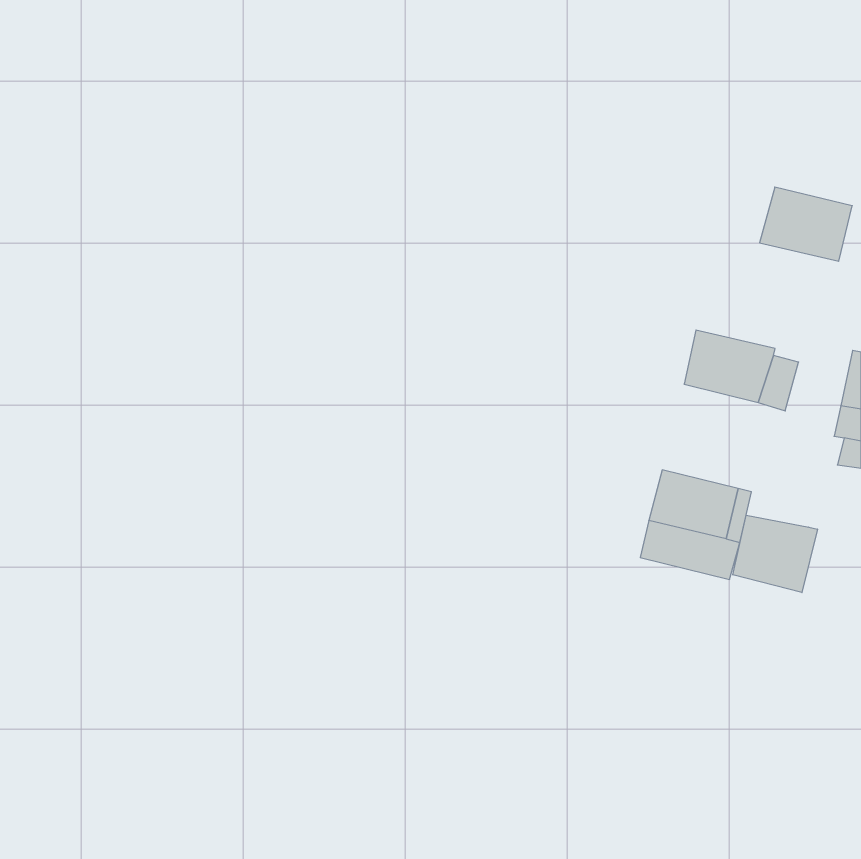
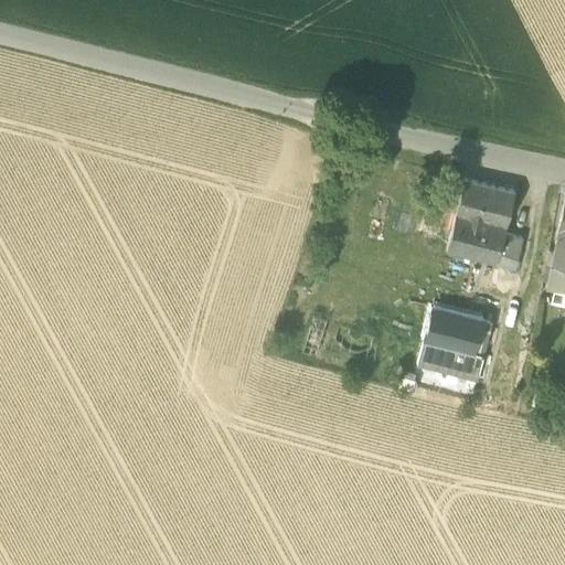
building: [760,187,852,261] -> [456,181,516,230]
building: [733,515,817,593] -> none

